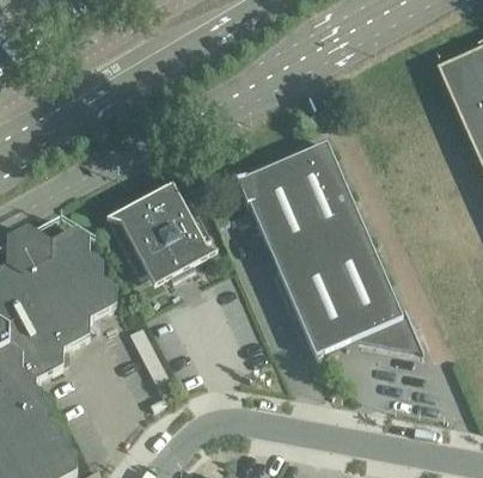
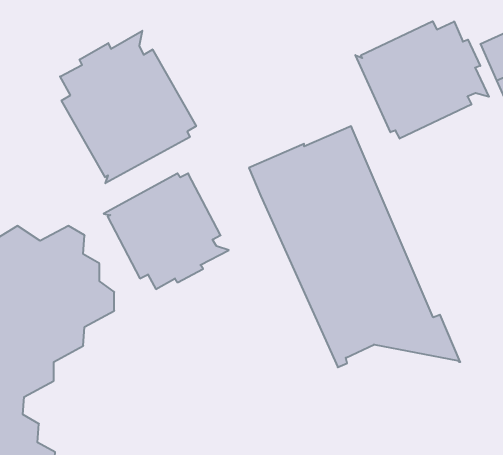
building: none -> [355,21,489,139]
building: none -> [60,31,196,183]

